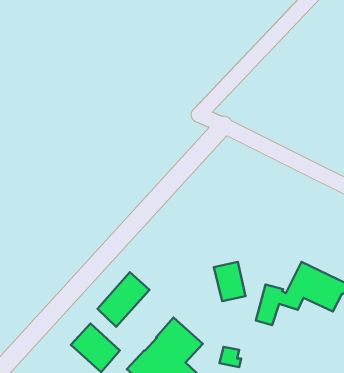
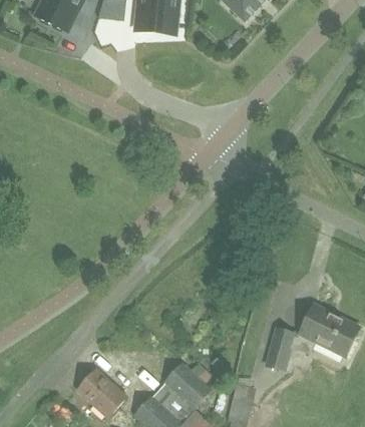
building: [214,262,246,301] -> none
building: [97,272,150,327] -> none

